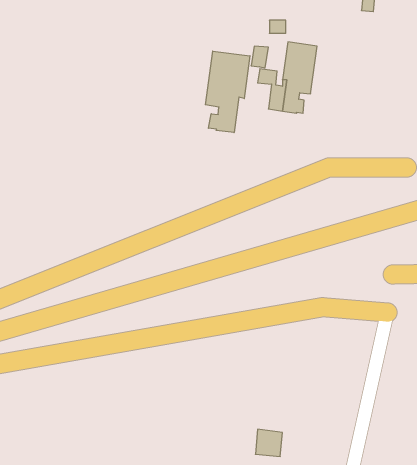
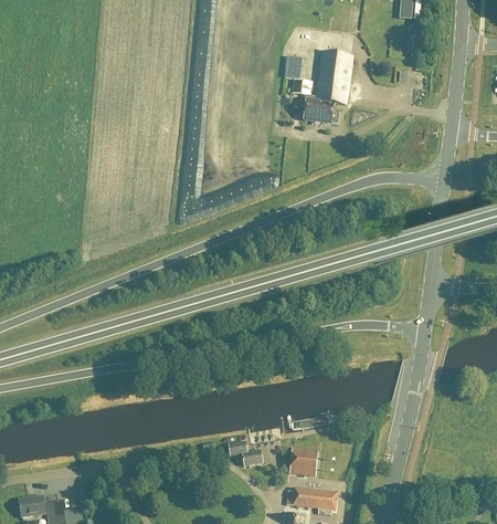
building: [205,51,250,133] -> none
building: none -> [229,441,264,465]

